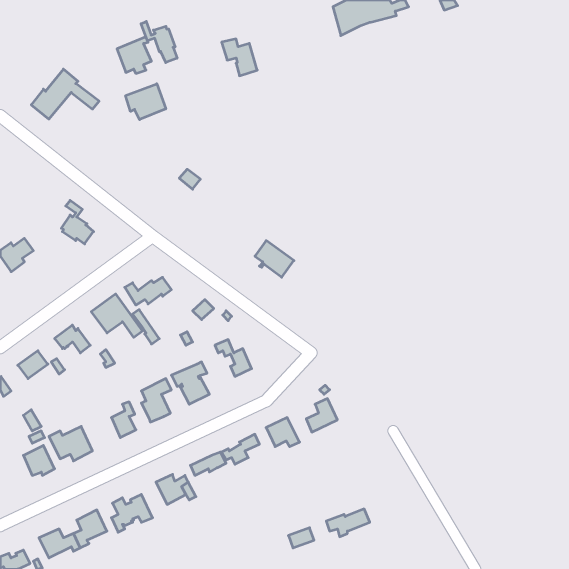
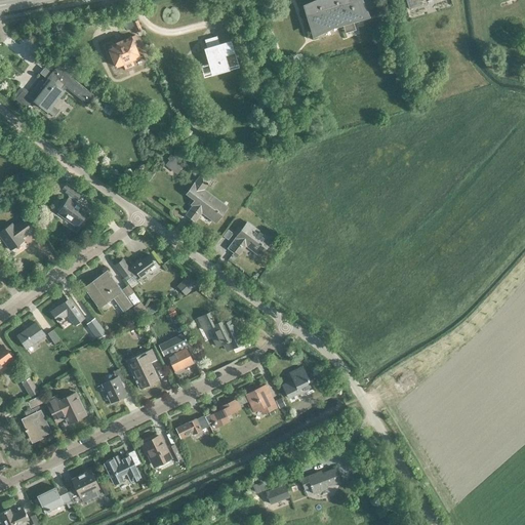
building: [141,21,177,63] -> none
building: [126,84,166,120] -> none
building: none -> [186,173,227,223]

